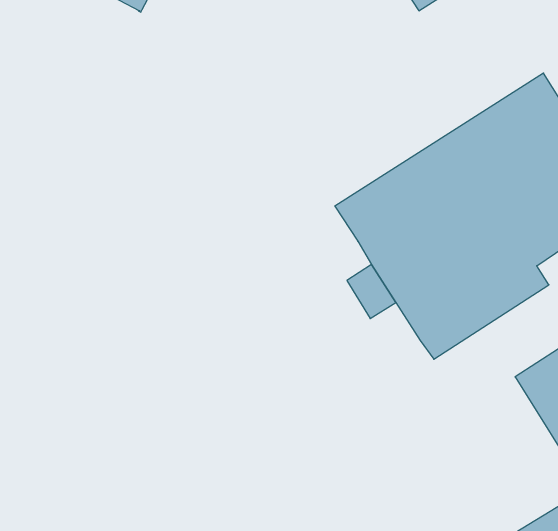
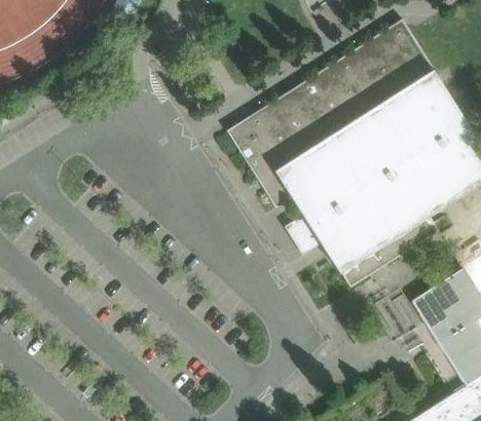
building: none -> [228,18,435,207]

